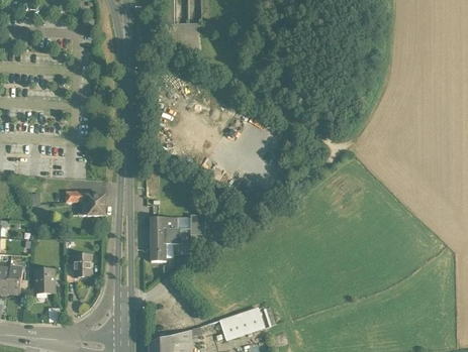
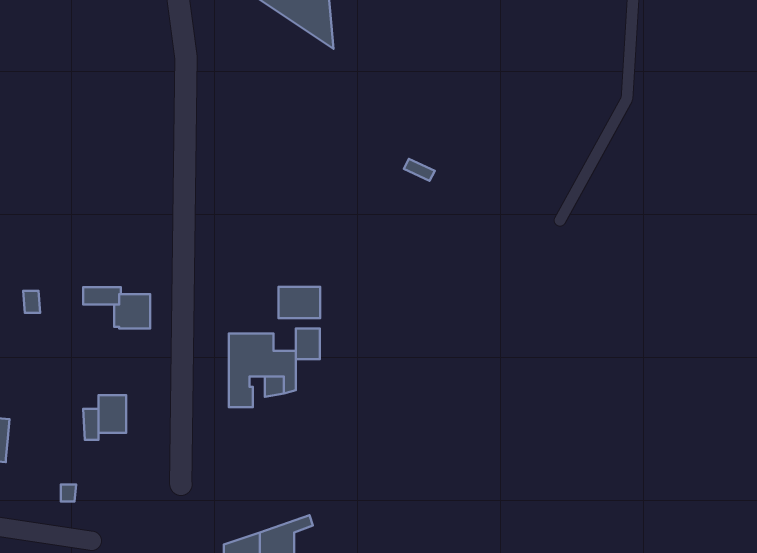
building: none -> [279,287,320,318]
building: [33,269,54,292] -> none
building: [217,307,263,340] -> none

